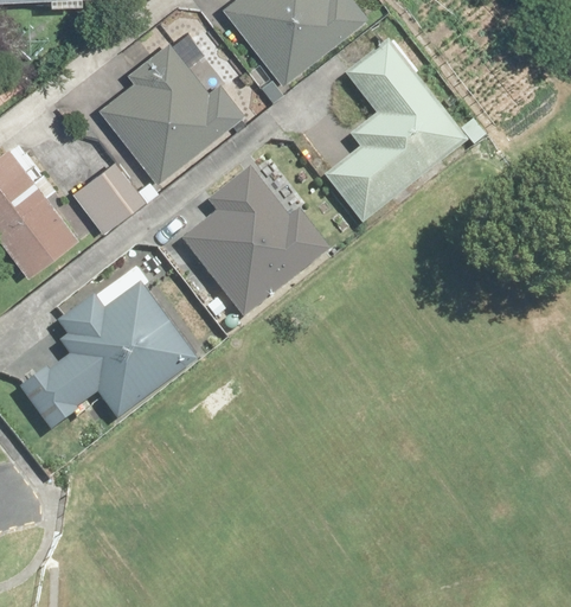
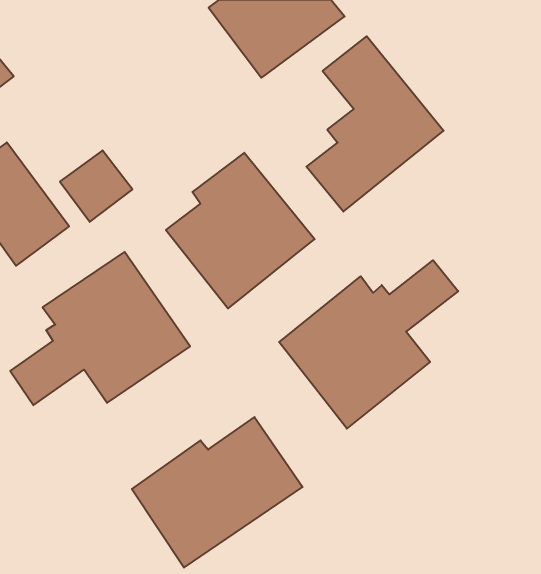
building: [98,41,243,184] -> none
building: none -> [279,260,458,429]
building: none -> [132,417,303,568]

